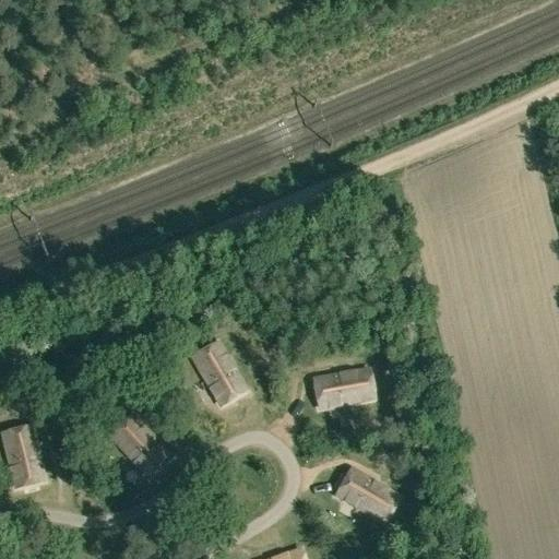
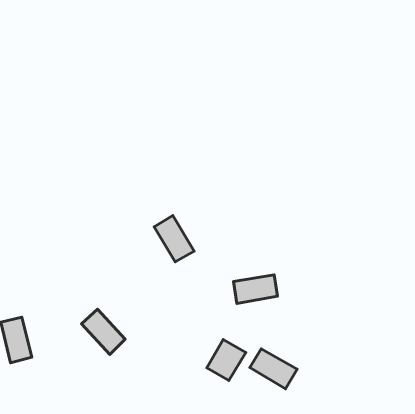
building: [191,342,245,404] -> [154,215,194,262]
building: none -> [207,339,246,380]

